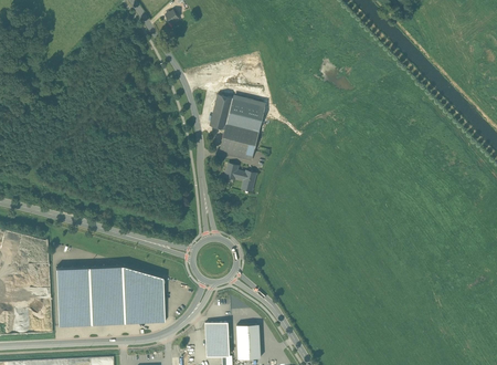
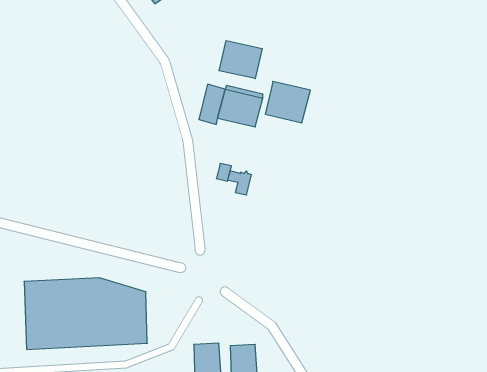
building: none -> [219,41,262,79]
building: [220,124,260,160] -> [265,81,310,123]

